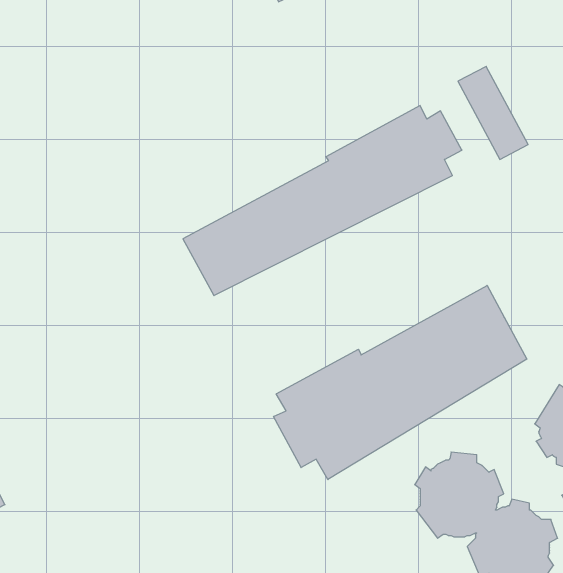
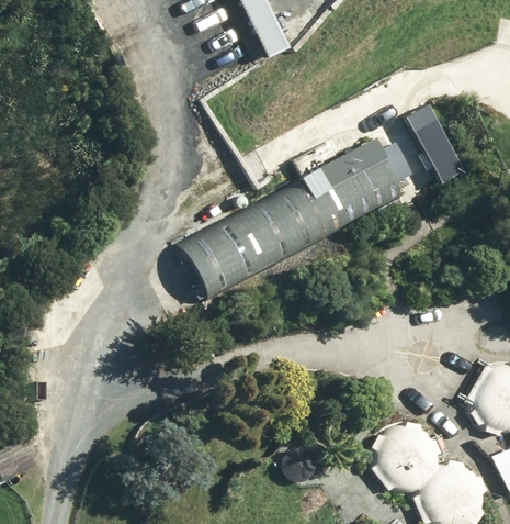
building: [274,285,527,480] -> none

